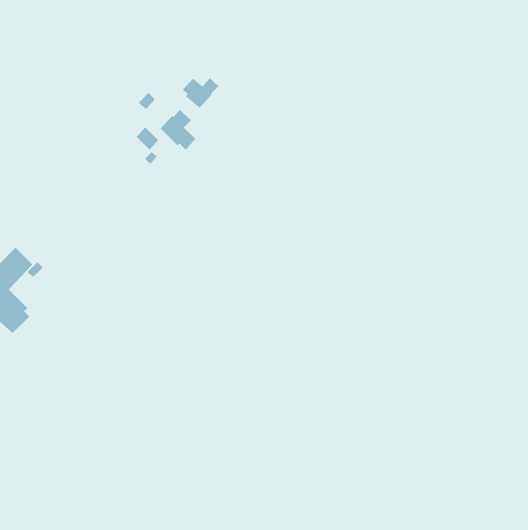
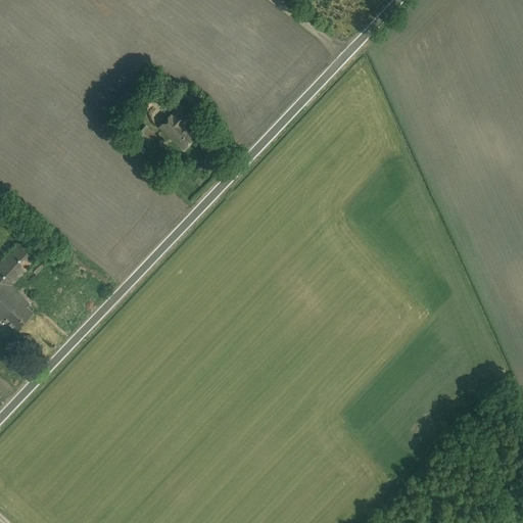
building: [182,77,219,108] -> none

